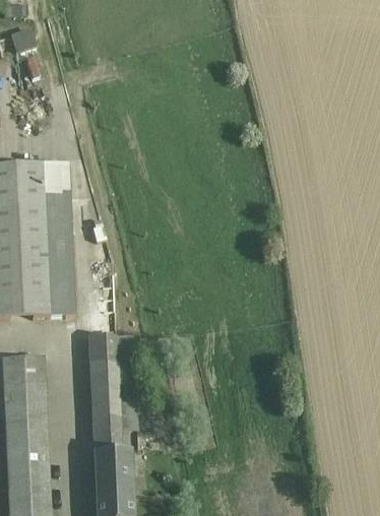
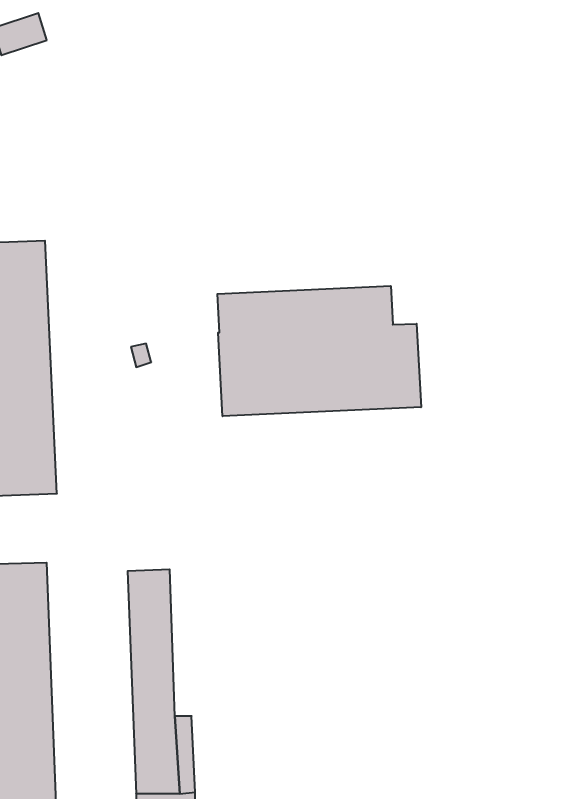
building: [42,162,74,315] -> none
building: none -> [217,286,421,416]
building: [89,333,117,362] -> none

